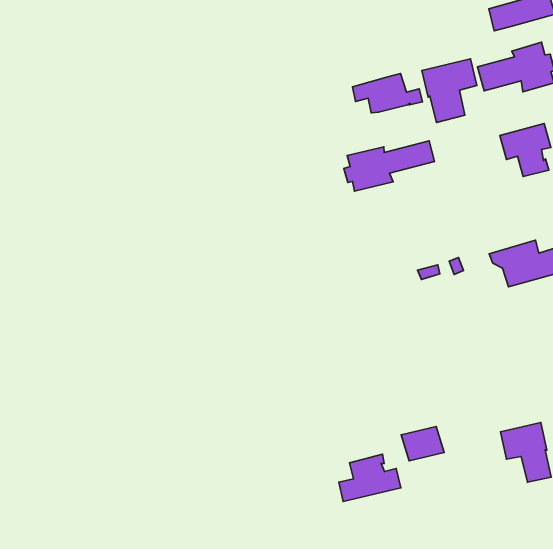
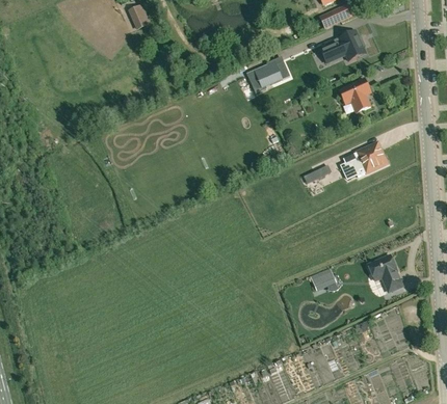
building: [422,59,477,122] -> none
building: [344,141,434,191] -> none
building: [339,454,401,501] -> none

